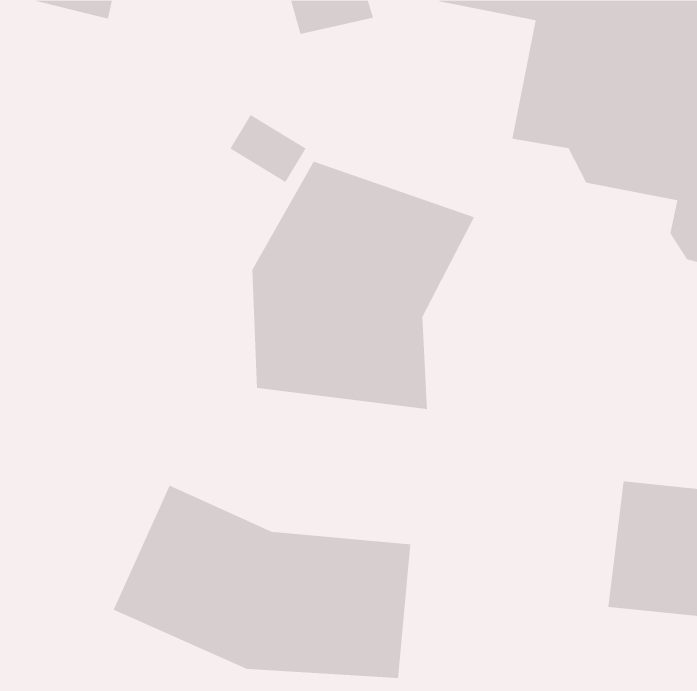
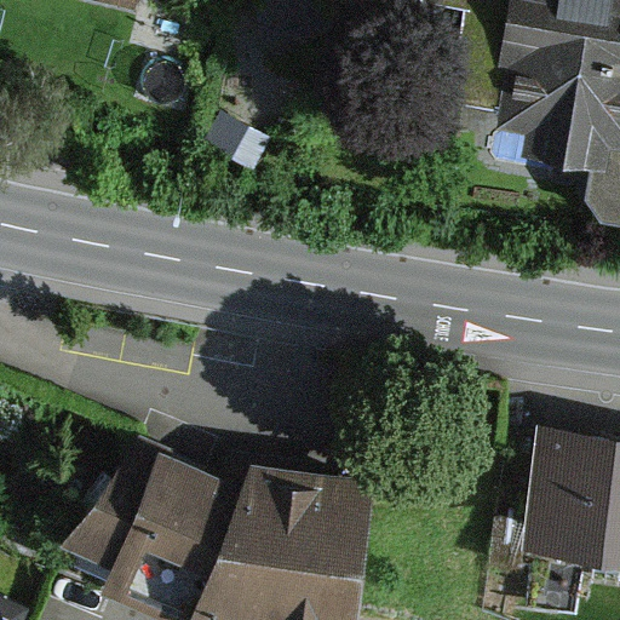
building: [252,161,475,410] -> none

